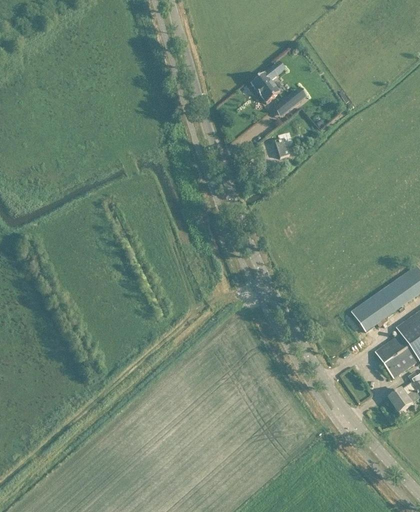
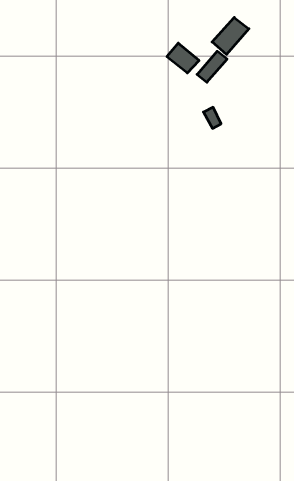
building: none -> [212,17,249,54]

